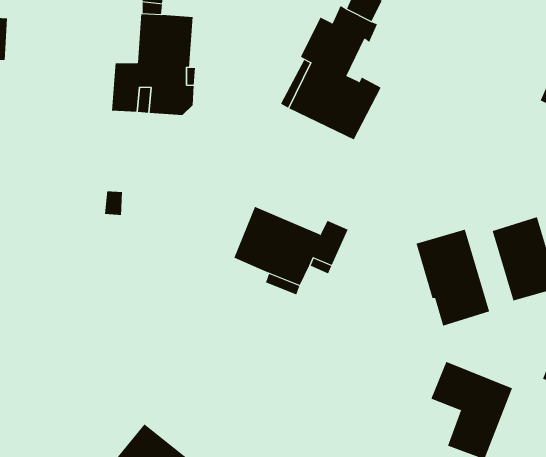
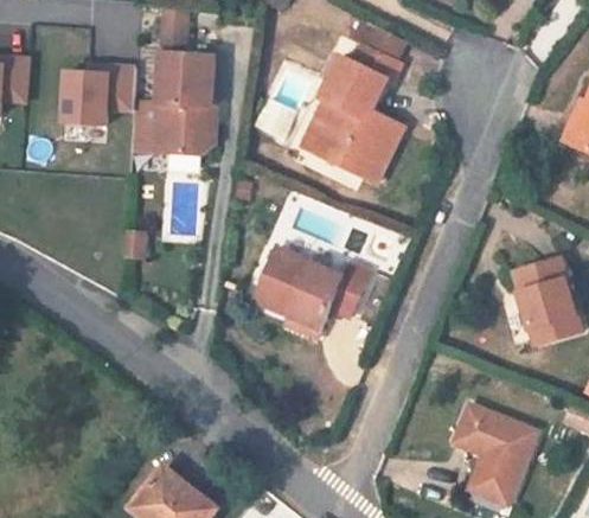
building: none -> [60,65,133,124]
building: [416,229,490,327] -> none

